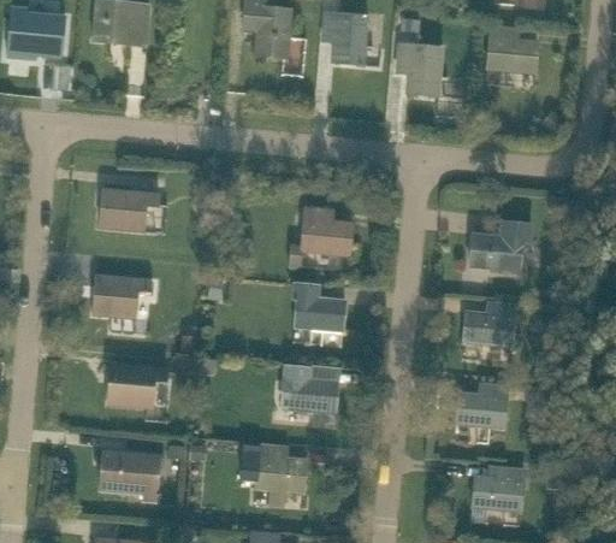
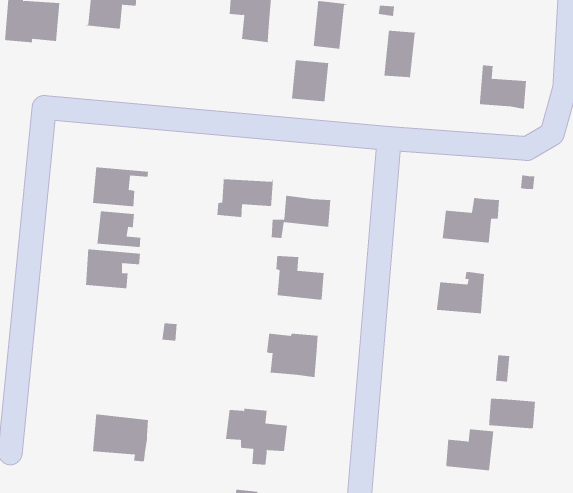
building: [487,25,538,73] -> [479,65,527,110]
building: none -> [288,59,329,102]
building: none -> [217,176,273,218]
building: none -> [97,210,141,248]
building: [108,365,167,407] -> none
building: [456,394,507,429] -> [488,398,536,431]

